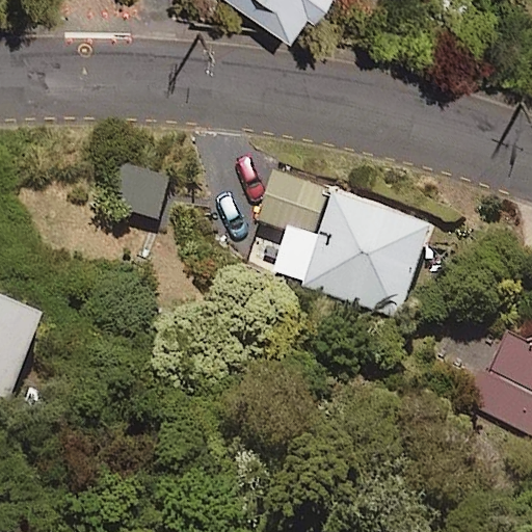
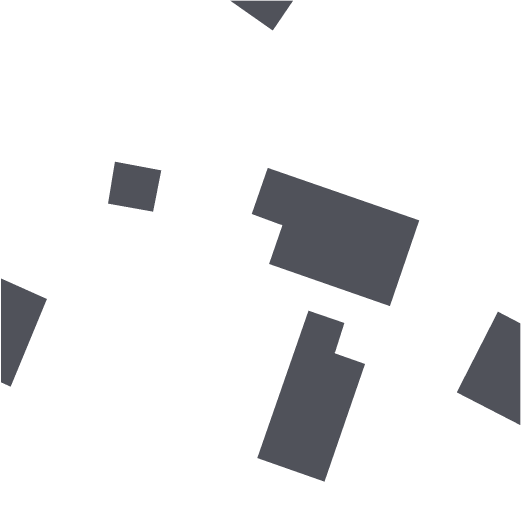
building: none -> [257,310,366,483]

